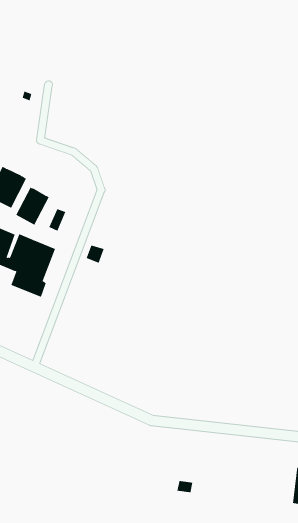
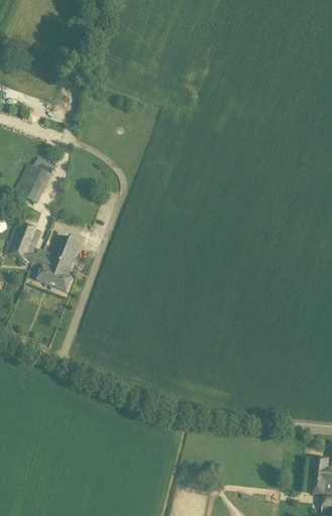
building: [16,187,49,226] -> none

